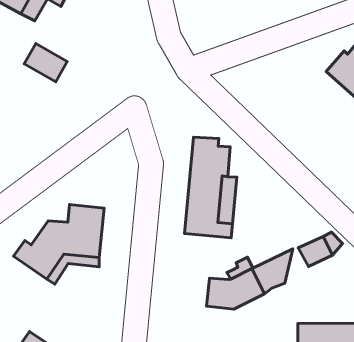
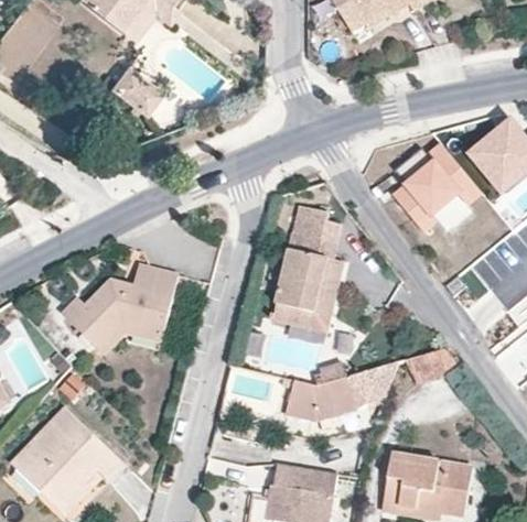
building: none -> [394,144,480,230]

